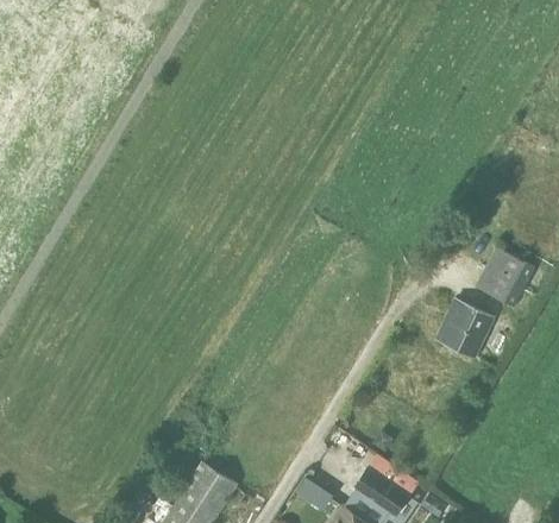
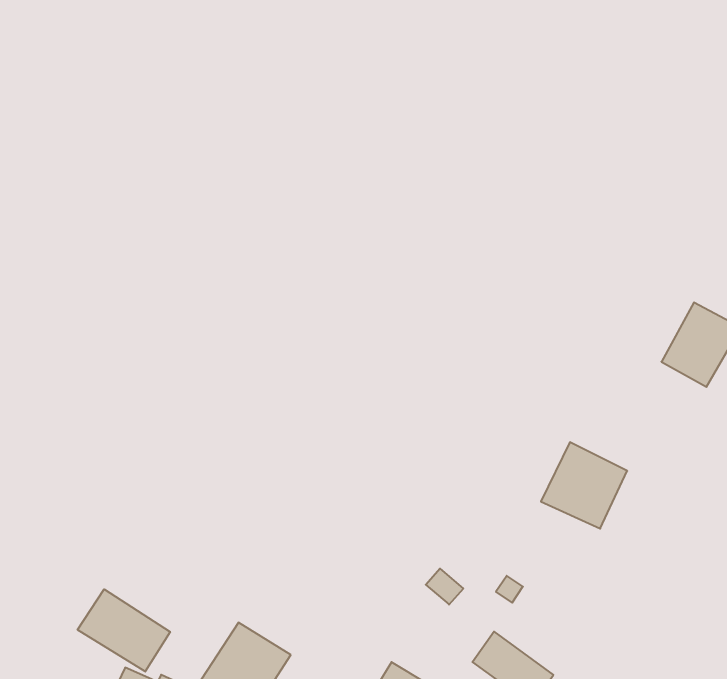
building: [435,298,492,355] -> [541,442,627,529]
building: none -> [78,589,170,672]

